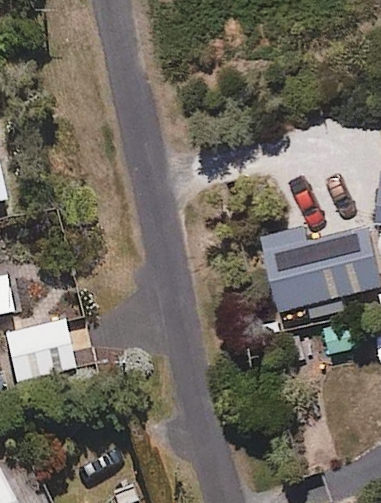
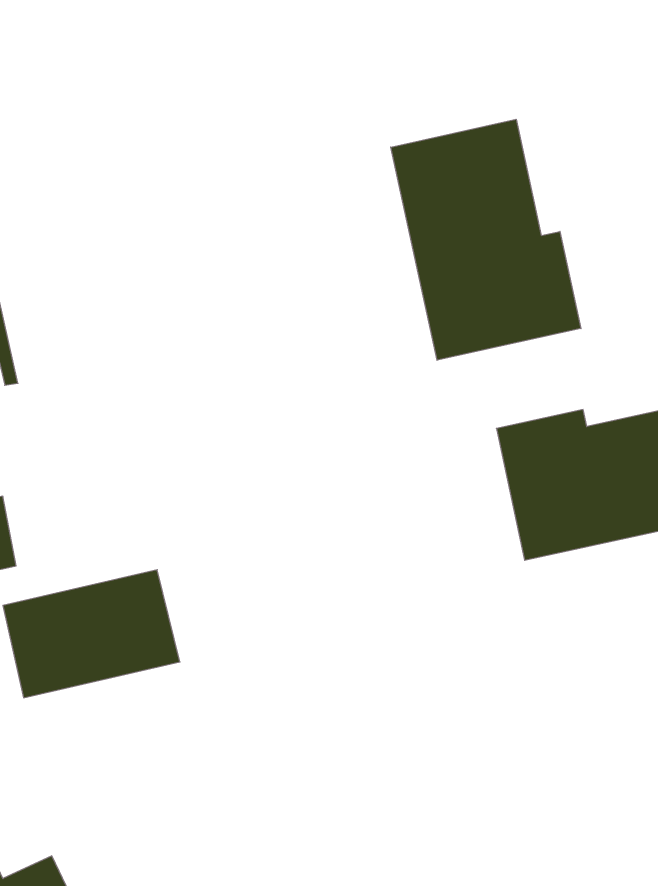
building: none -> [391,119,581,360]

